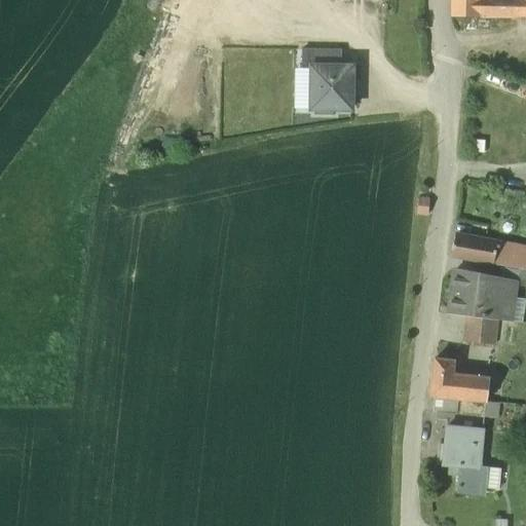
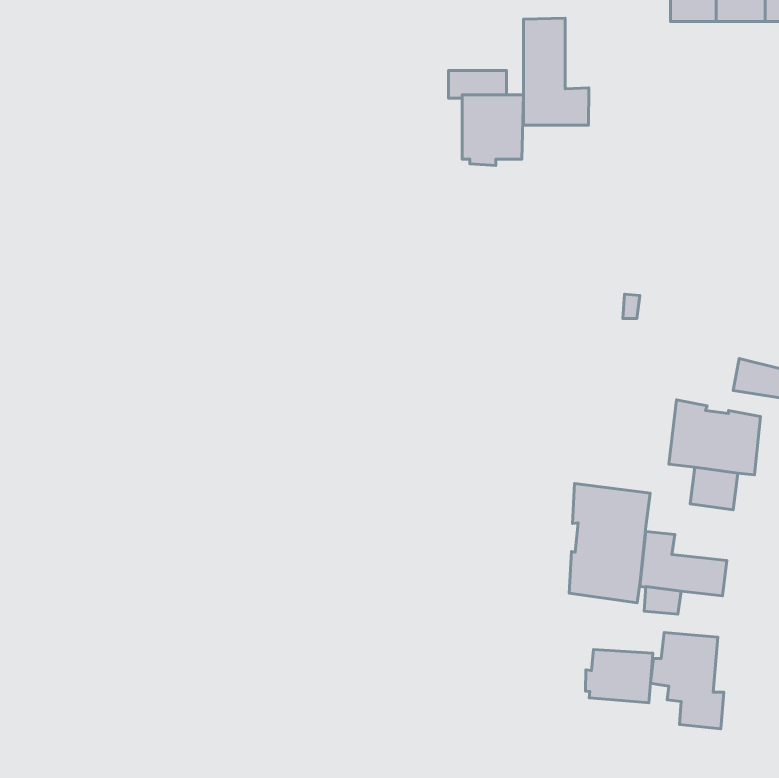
building: none -> [523,18,589,125]
building: [452,233,498,262] -> none
building: none -> [569,484,650,603]
building: none -> [586,649,653,703]

